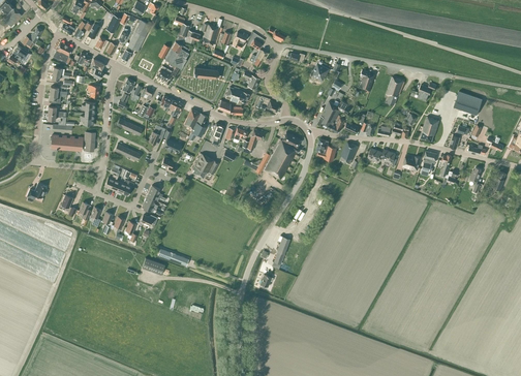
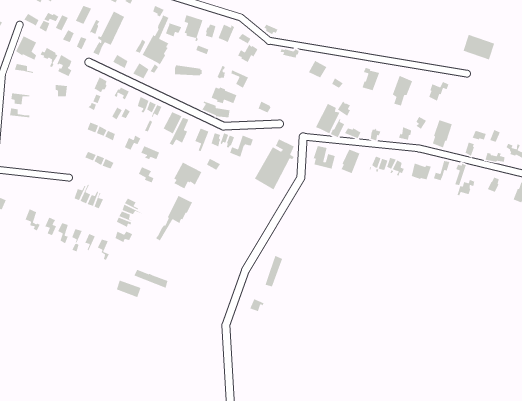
building: [453,91,482,115] -> [462,34,495,61]
building: [50,131,95,150] -> none
building: none -> [155,195,193,242]

